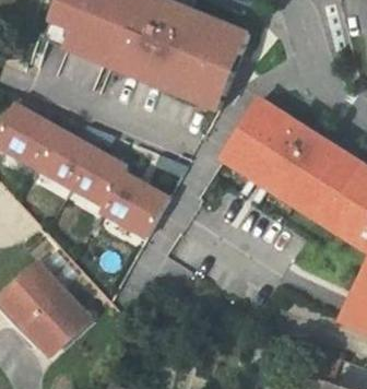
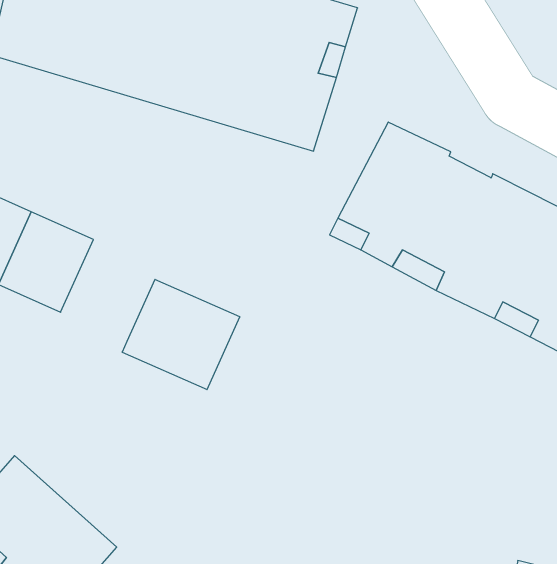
building: [69,148,126,205] -> none

